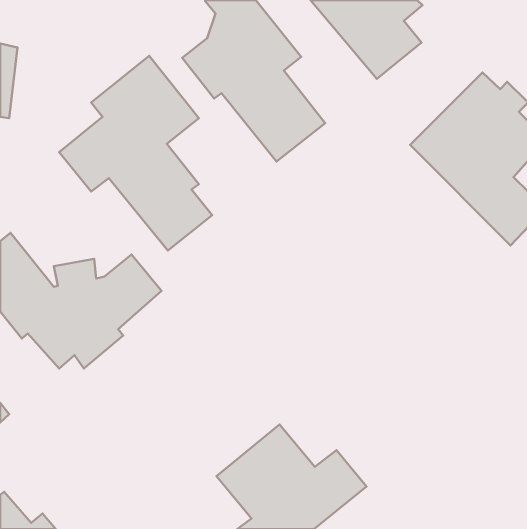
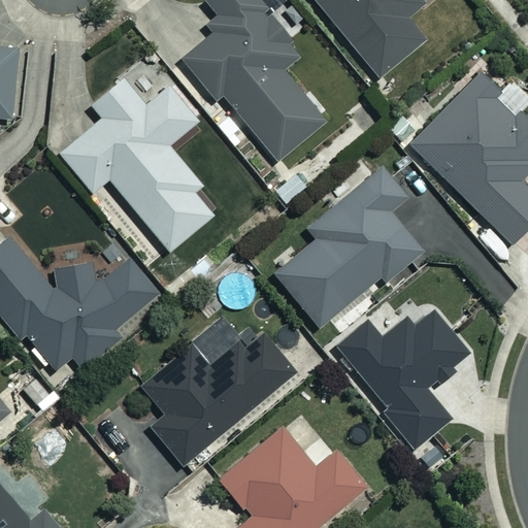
building: none -> [274,166,423,326]
building: none -> [337,309,469,449]
building: none -> [144,334,296,465]

